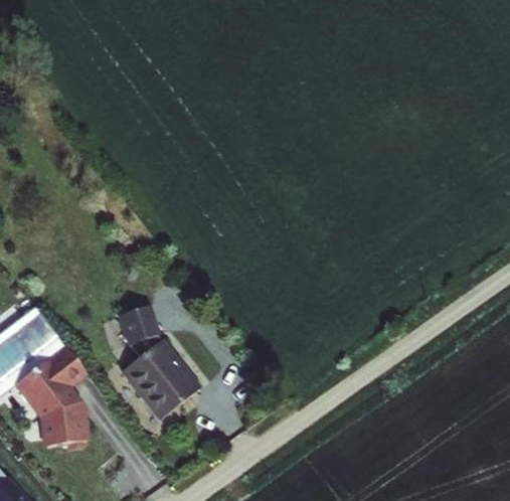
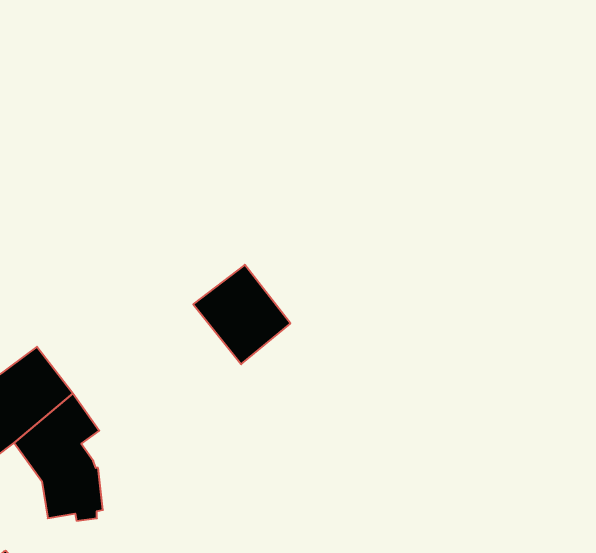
building: [117,303,161,345] -> none
building: [120,337,201,421] -> [193,265,290,364]

